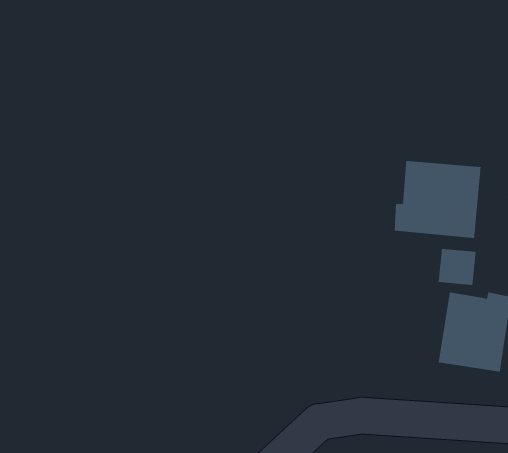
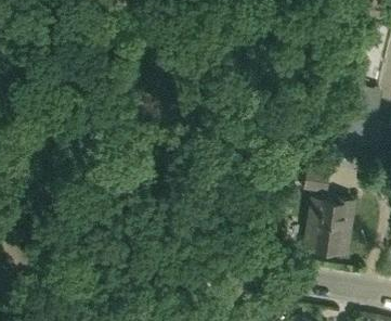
building: [394,160,481,239] -> none

